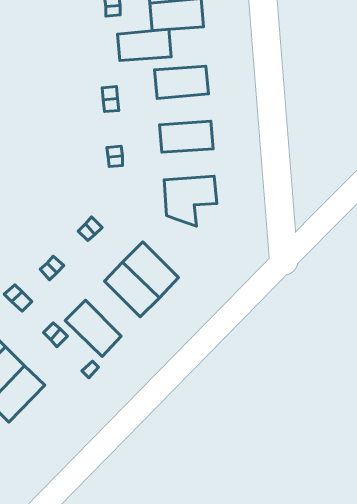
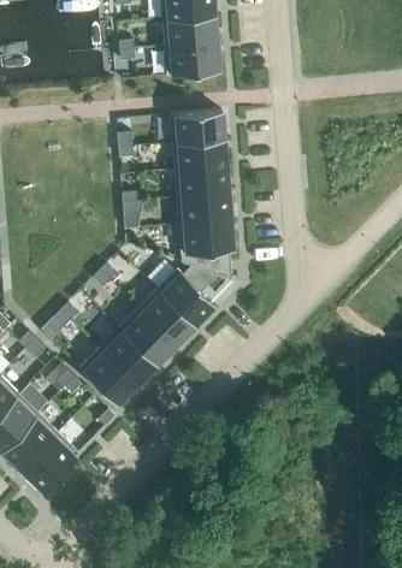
building: [118,29,171,60] -> [175,141,229,172]
building: none -> [179,196,232,227]
building: none -> [160,267,219,326]
building: none -> [102,330,158,385]
building: none -> [25,434,81,491]

